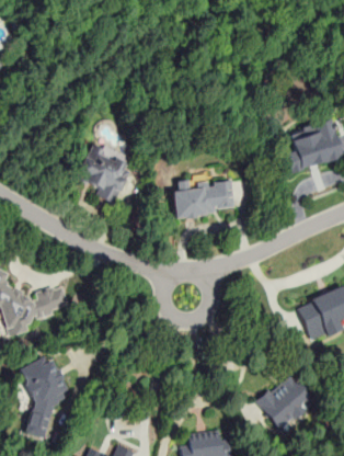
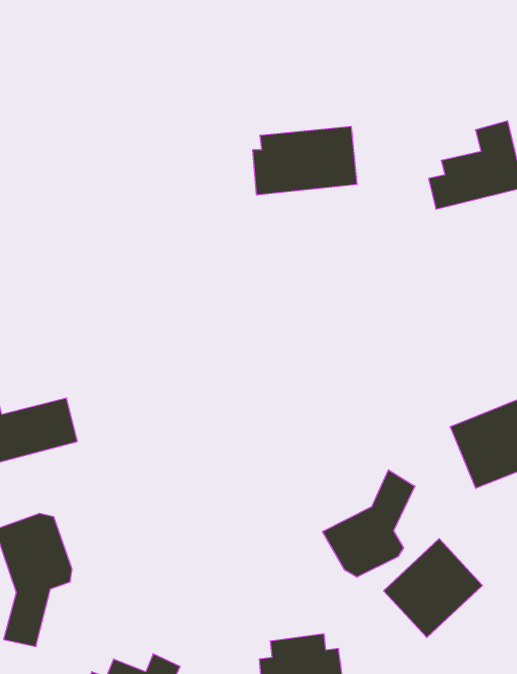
building: [74,145,133,204] -> none
building: [172,175,236,217] -> [253,127,357,195]
building: none -> [323,470,415,577]

